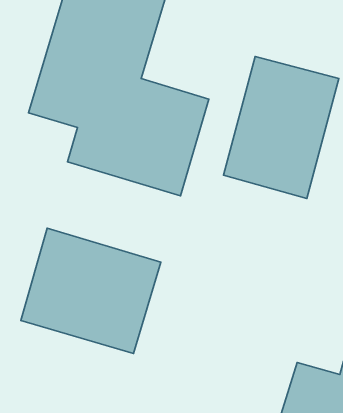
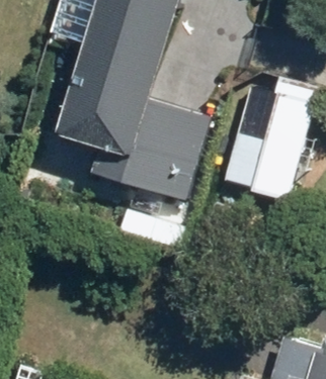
building: [21,228,161,354] -> none

